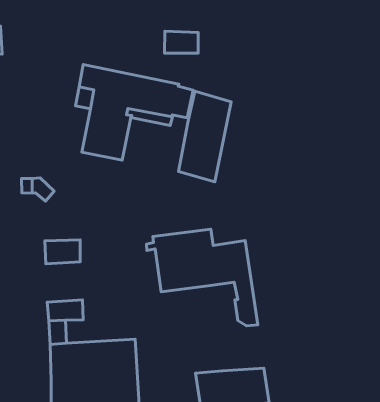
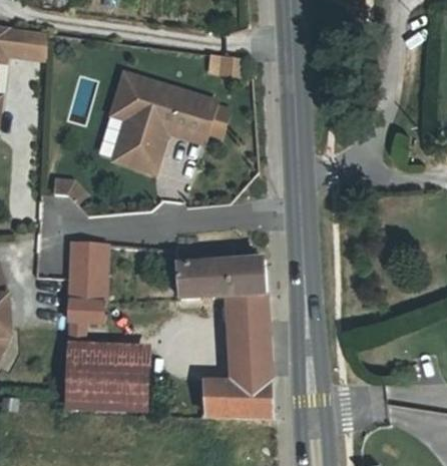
building: [178,91,231,182] -> none
building: none -> [69,265,104,303]
building: none -> [228,299,272,384]

